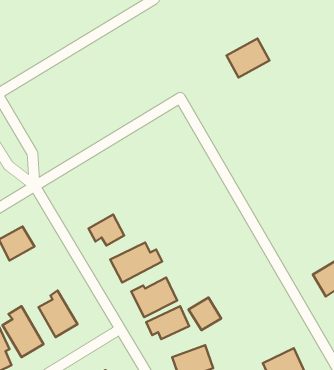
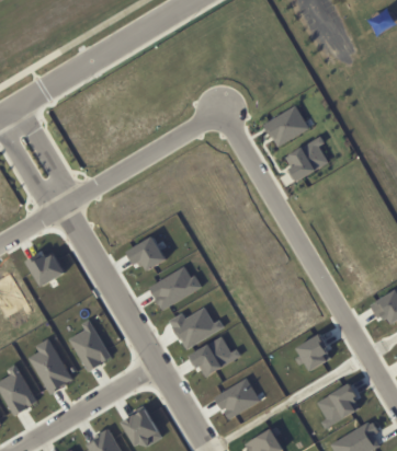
building: [227,39,269,78] -> [262,105,309,148]
building: none -> [282,137,327,178]
building: [188,297,221,330] -> [292,335,328,371]

